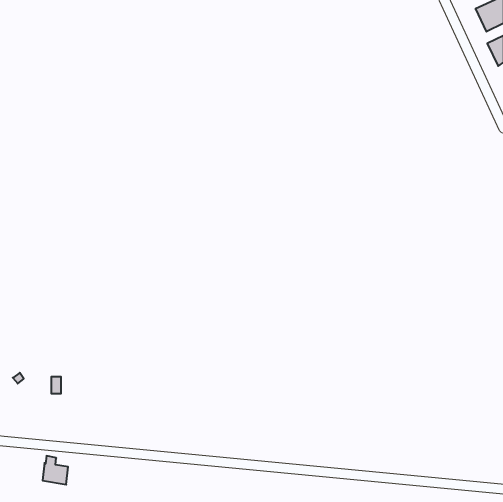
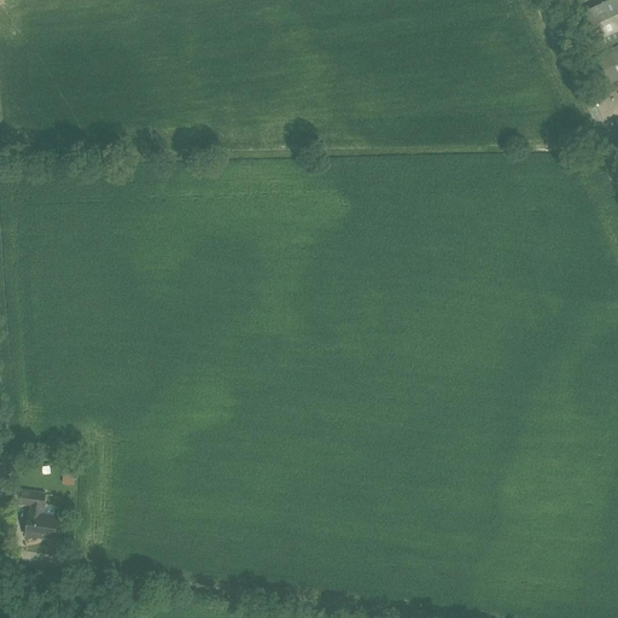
building: [43,456,68,485] -> [28,501,59,536]

